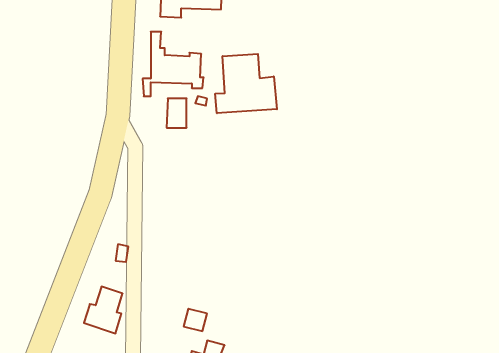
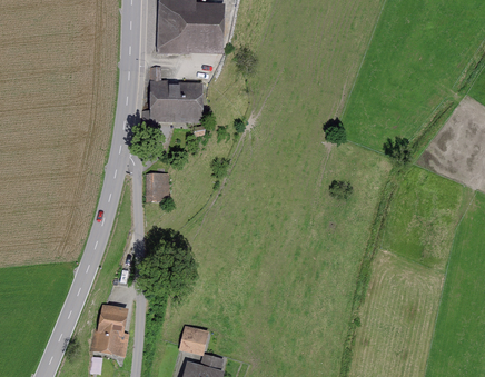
building: [215,54,277,113] -> none
building: [167,98,187,128] -> [147,173,166,201]

